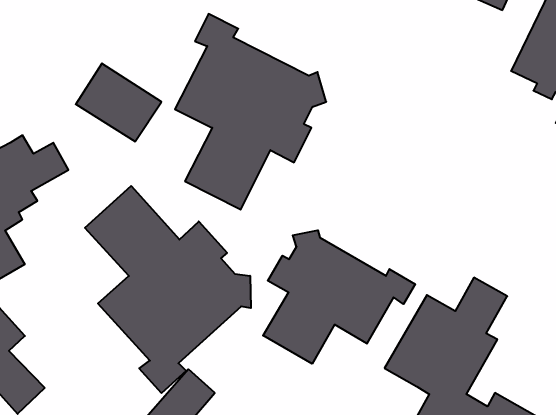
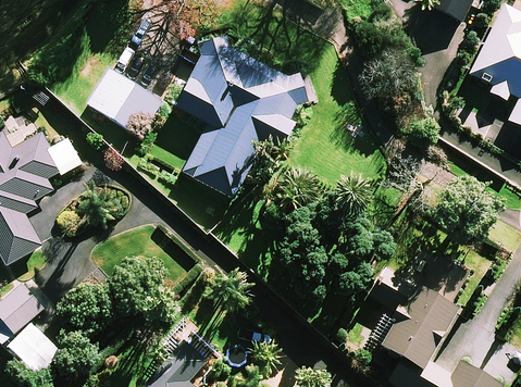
building: [85,186,251,393] -> none
building: [263,230,415,364] -> none

